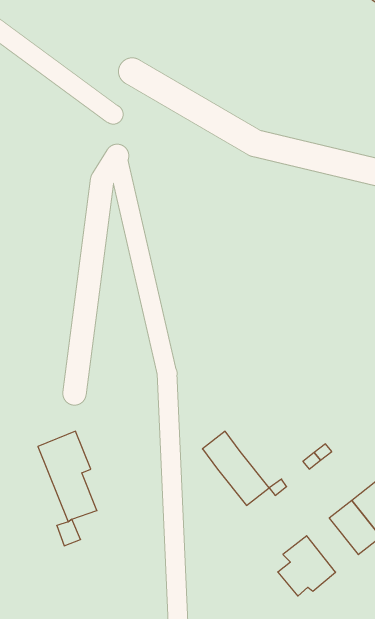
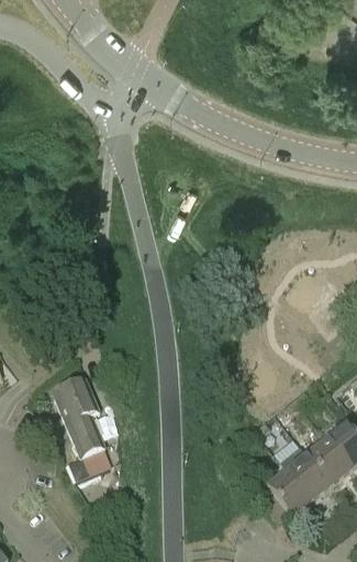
building: [202,431,269,505] -> [275,435,333,499]

